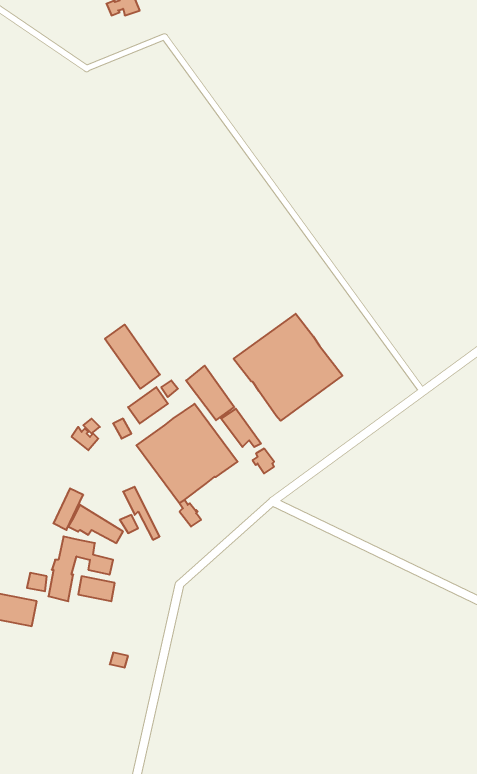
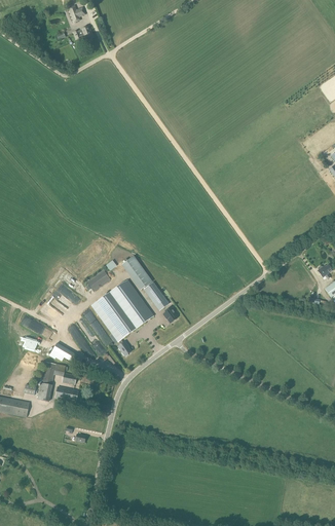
building: [234,314,342,421] -> none
building: [105,325,160,389] -> none

